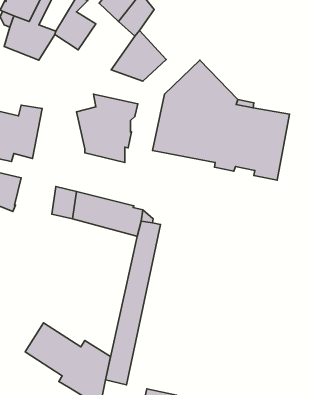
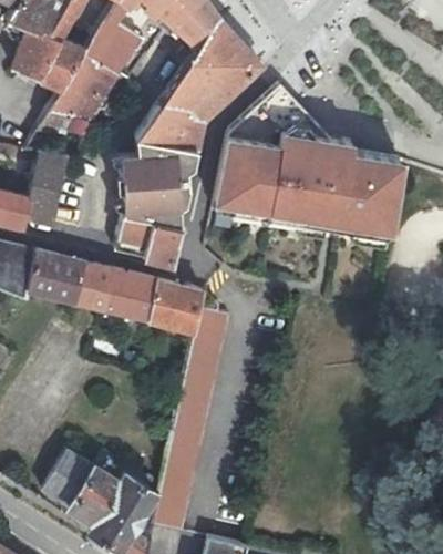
building: none -> [199,18,260,86]
building: none -> [40,52,115,133]
building: none -> [136,101,204,147]
building: none -> [116,215,179,261]
building: none -> [28,249,84,299]

